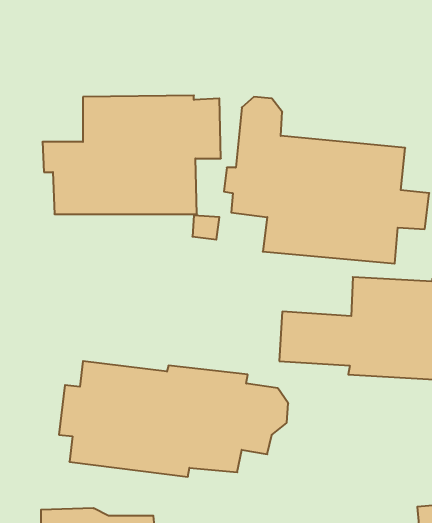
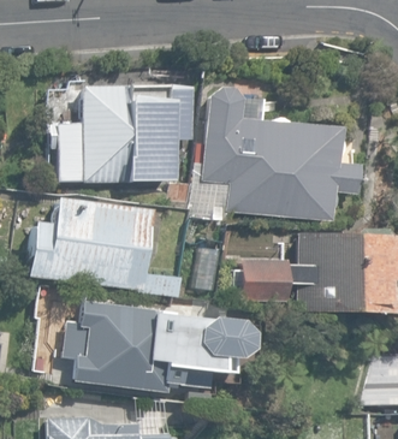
building: none -> [28,198,182,297]

